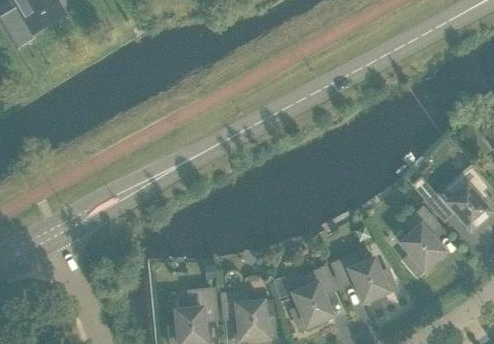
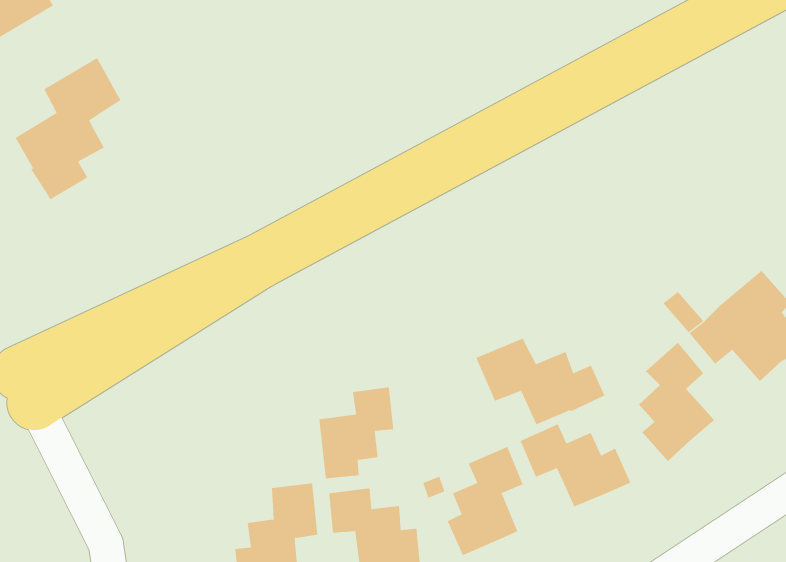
building: none -> [15,57,121,200]
building: none -> [476,338,605,425]
building: none -> [319,386,394,479]

